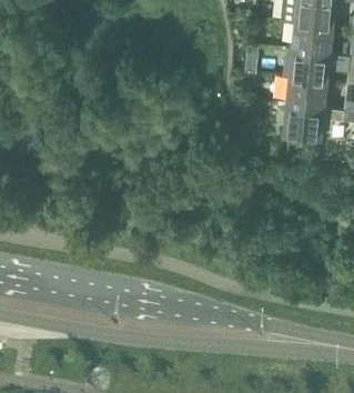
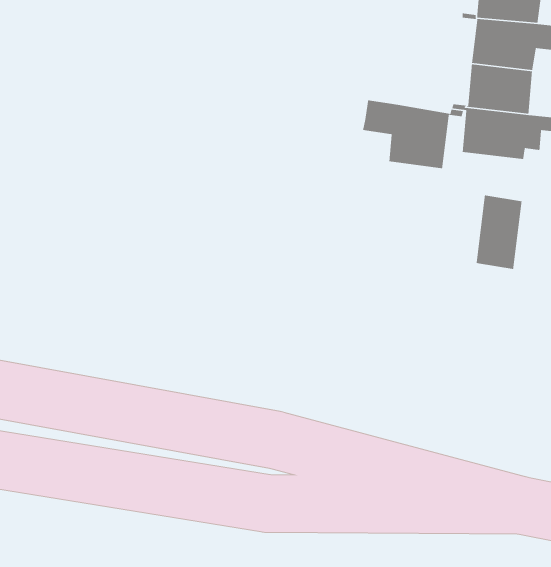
building: none -> [362,100,464,169]
building: none -> [475,194,522,270]

